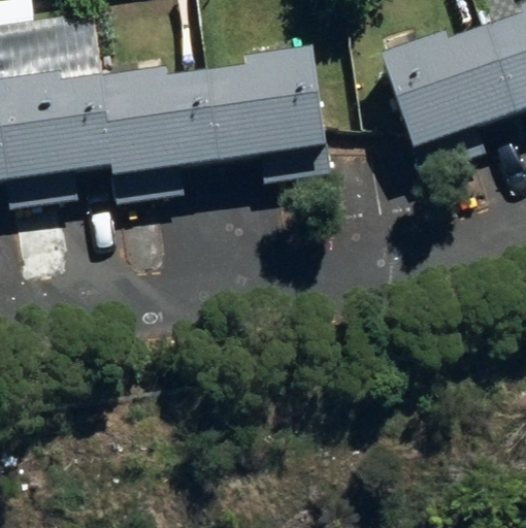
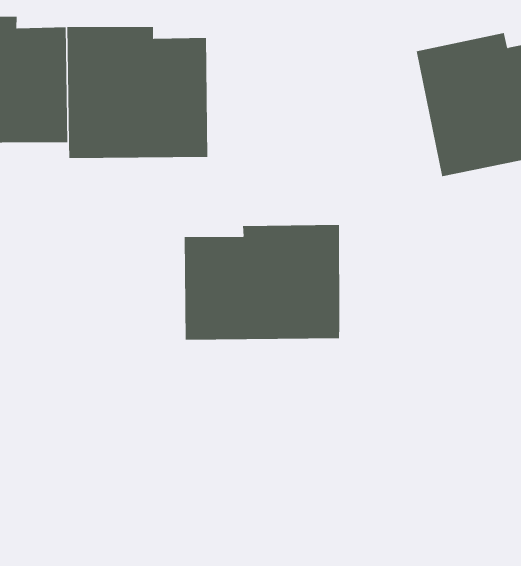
building: [209,52,326,166] -> none
building: none -> [184,224,340,340]

